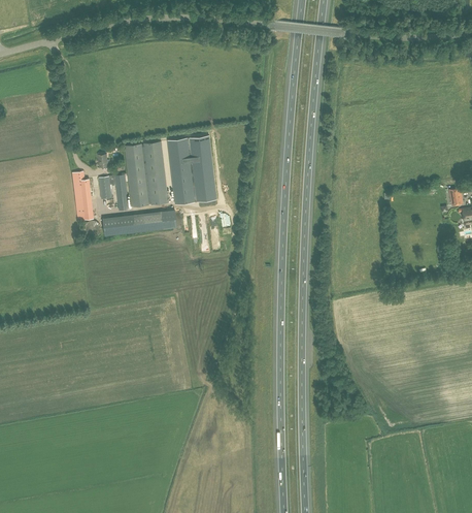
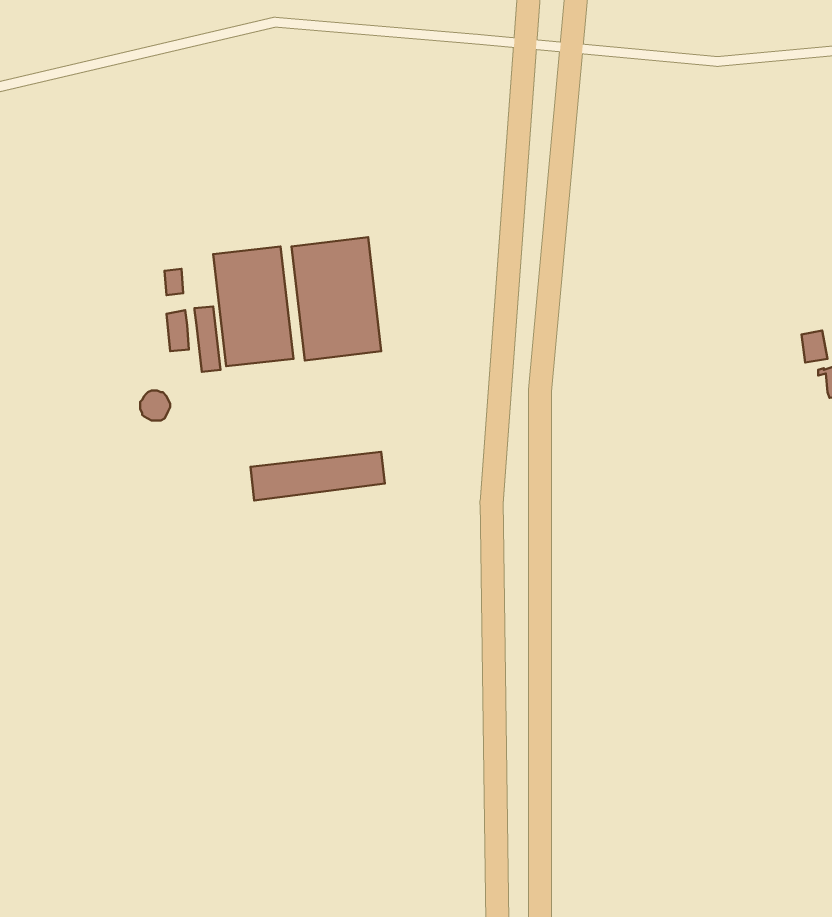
building: [72,171,94,221] -> none
building: [103,211,177,237] -> [250,452,385,500]

